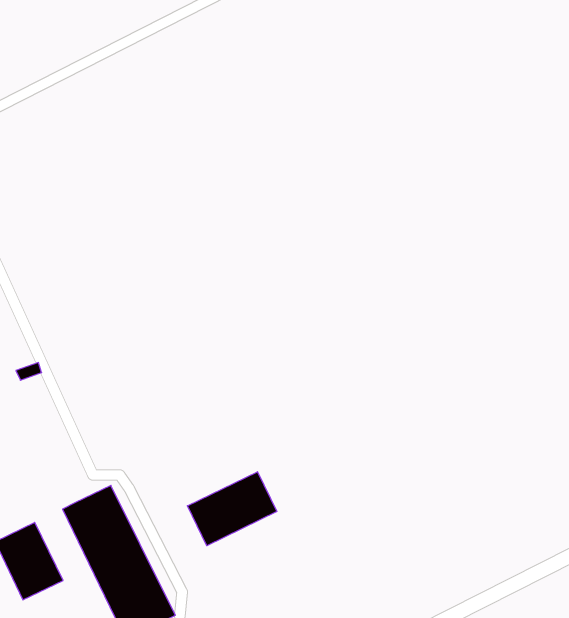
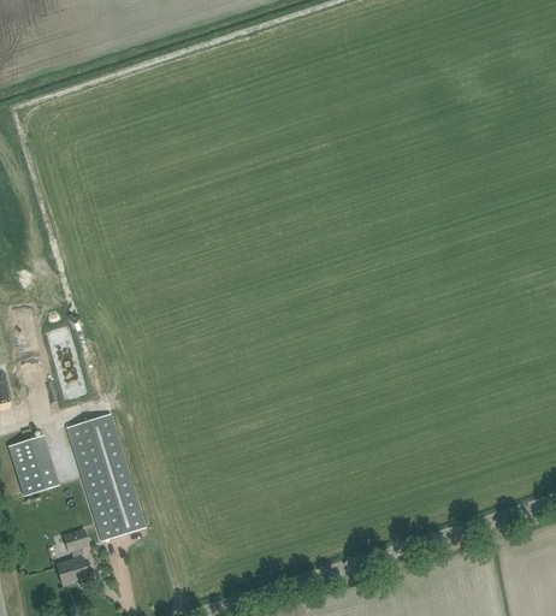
building: [187,472,277,546] -> none

